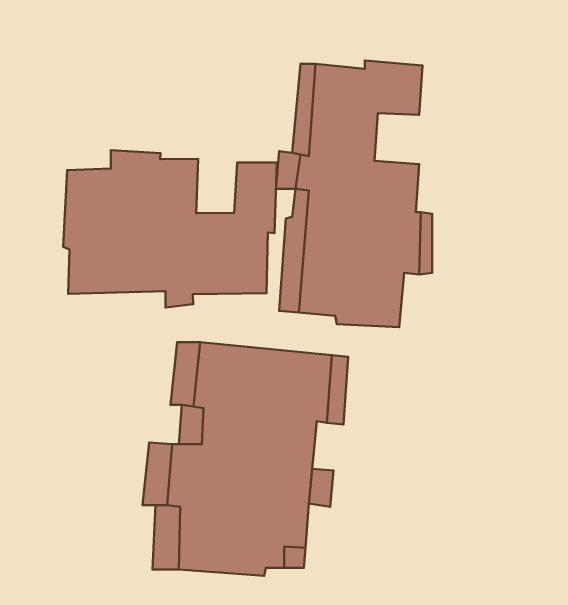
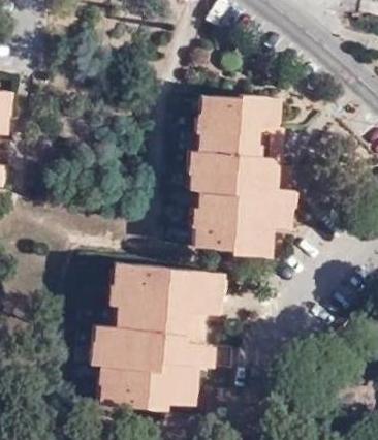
building: none -> [245,117,279,149]
building: [63,150,277,308] -> none

